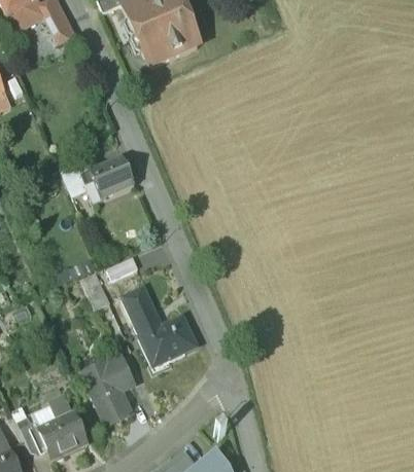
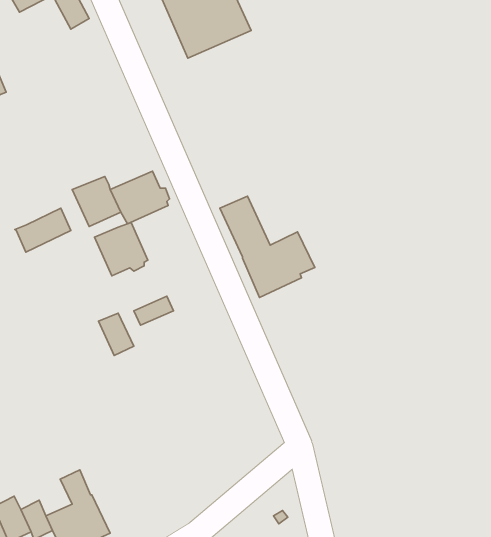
building: none -> [15,208,71,252]
building: none -> [94,222,148,276]
building: [124,290,198,369] -> [220,196,315,298]
building: [84,358,136,428] -> none

